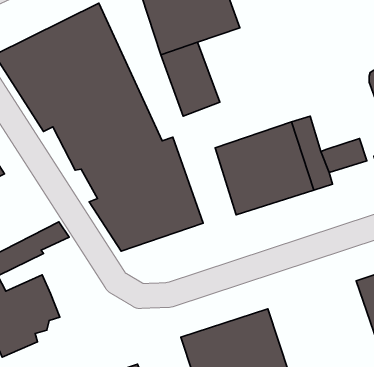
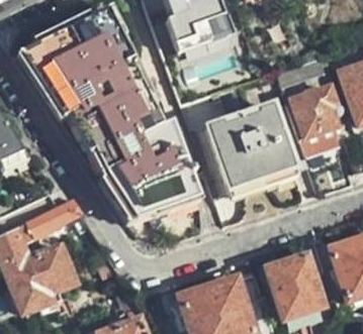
building: none -> [292,85,337,133]
building: none -> [267,235,322,316]

